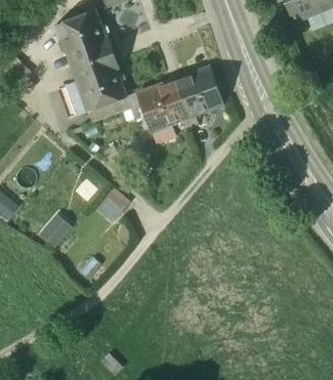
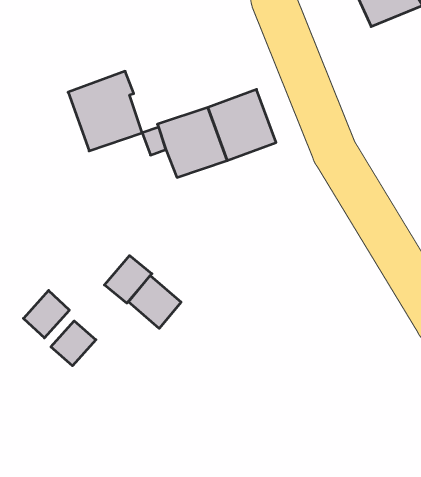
building: [55,11,114,70] -> none
building: none -> [128,276,181,328]
building: none -> [51,321,96,366]

